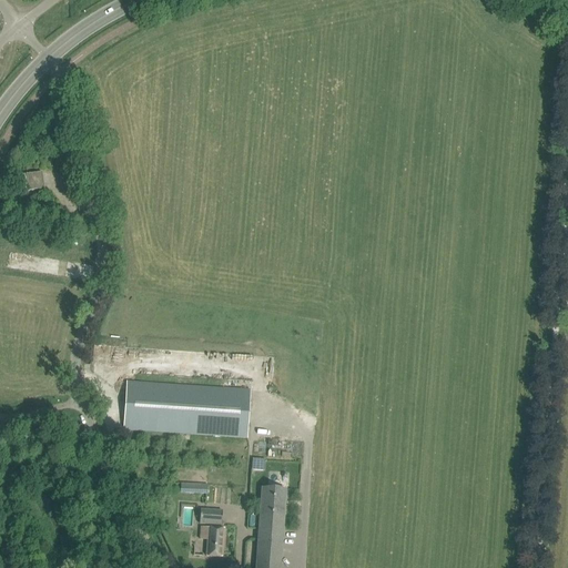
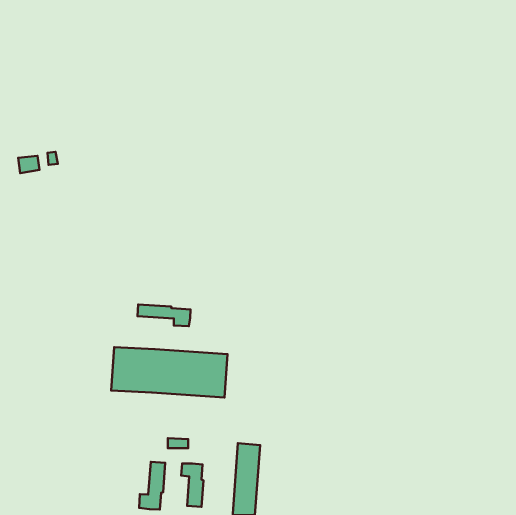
building: none -> [137,304,190,326]
building: none -> [139,462,165,510]

